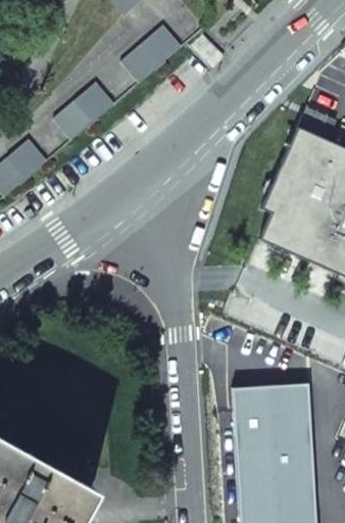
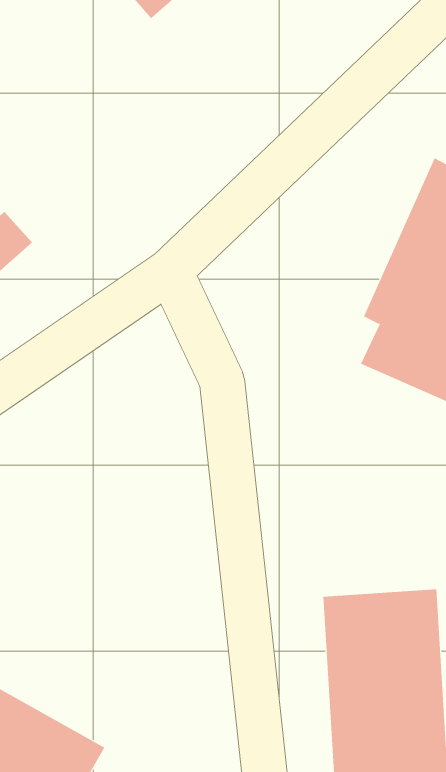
building: [120,26,180,83] -> none
building: [53,83,112,140] -> none

